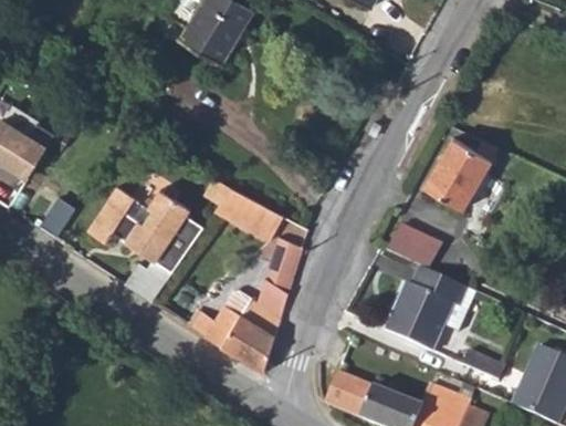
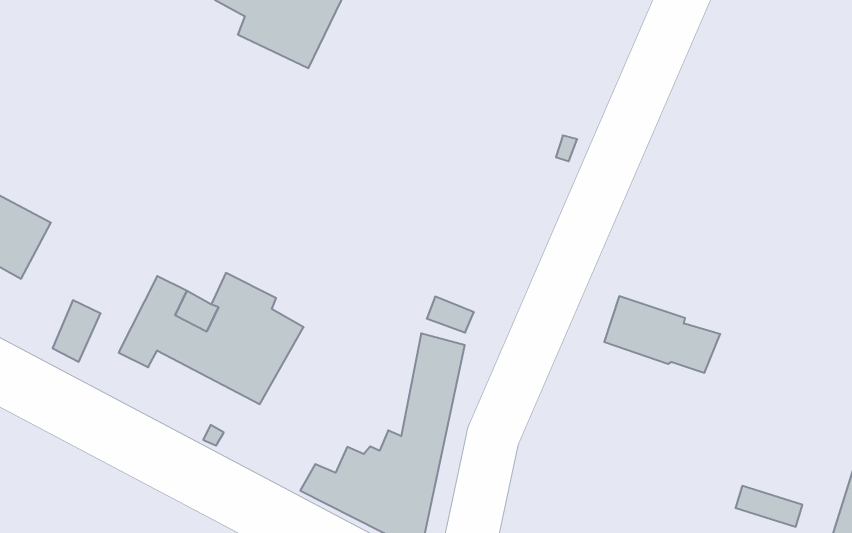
building: [421,136,492,210] -> none
building: [213,186,281,238] -> none
building: [382,267,473,351] -> none

